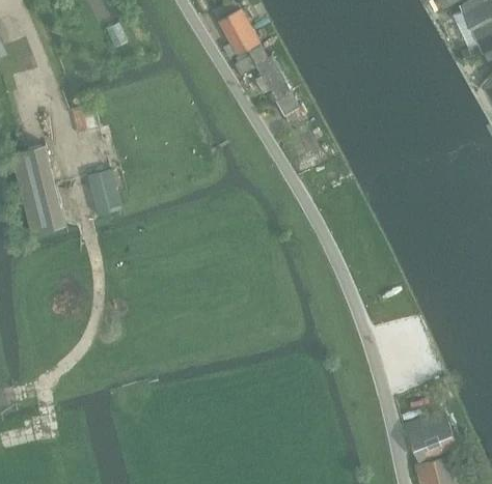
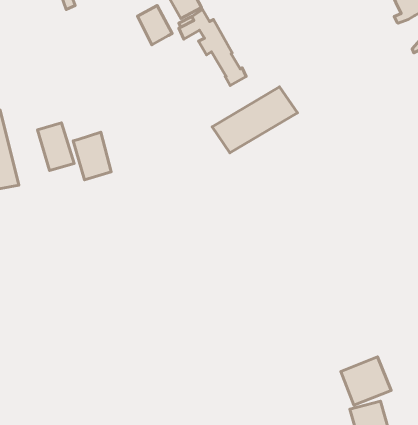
building: none -> [137,6,172,45]
building: none -> [212,87,298,153]
building: none -> [73,132,111,180]

